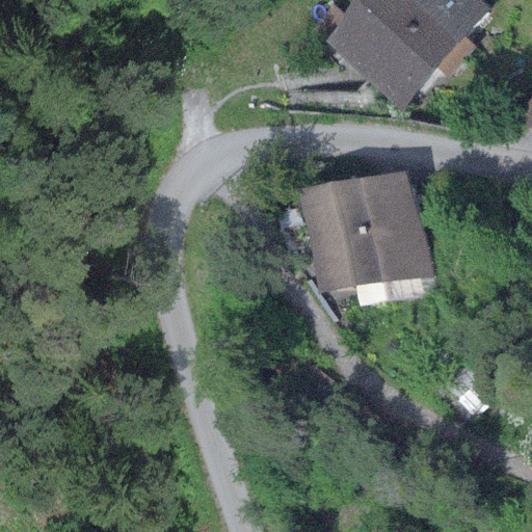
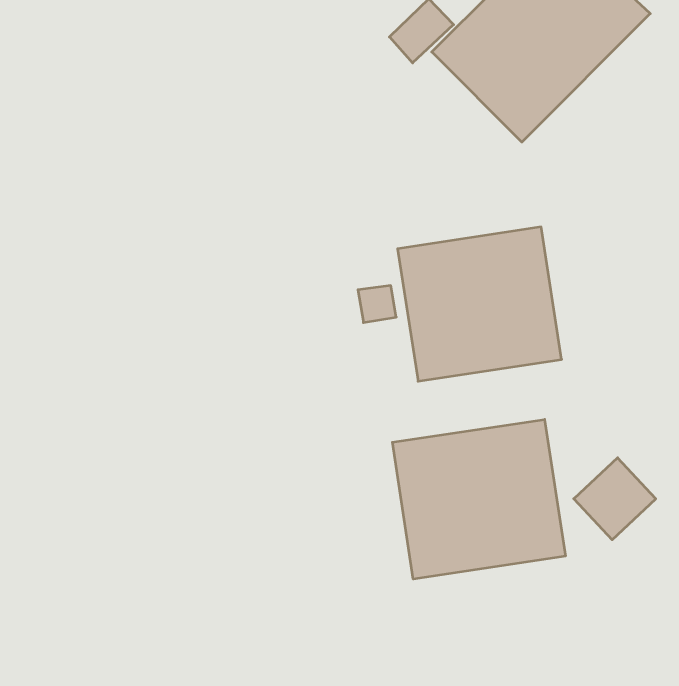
building: none -> [392,419,565,579]

